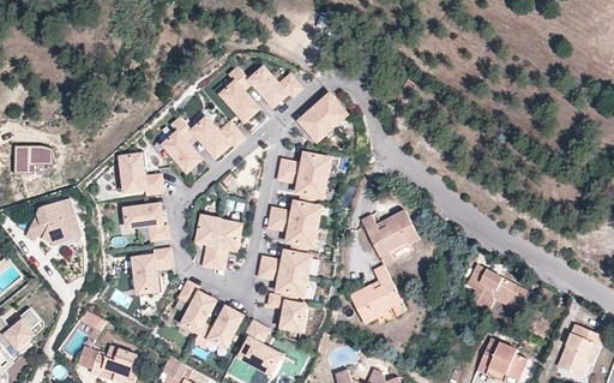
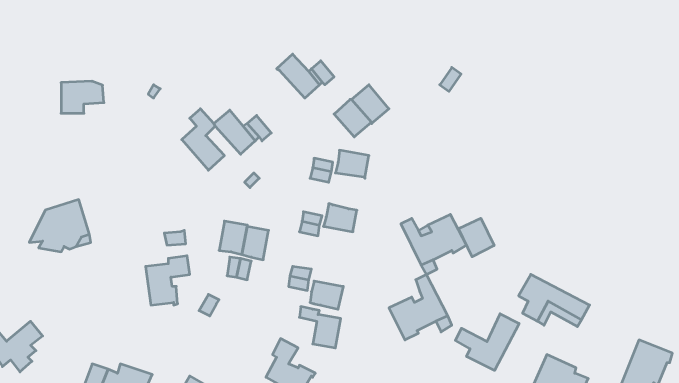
building: [221,66,258,120] -> none
building: [11,144,49,173] -> [61,81,104,113]
building: [119,154,161,196] -> none
building: [296,172,326,197] -> none
building: [122,203,161,227] -> none
building: none -> [459,218,494,257]
building: [288,221,318,246] -> none
building: [281,250,311,275] -> none
building: [181,292,241,348] -> none
building: none -> [455,314,519,370]

